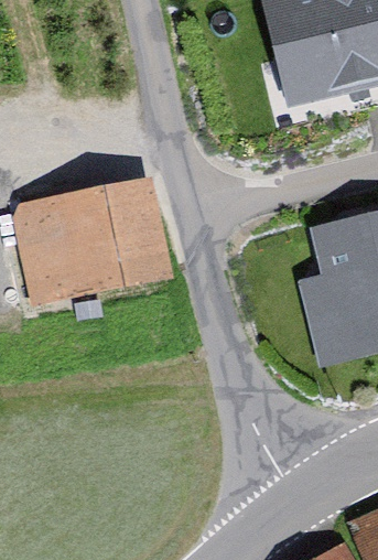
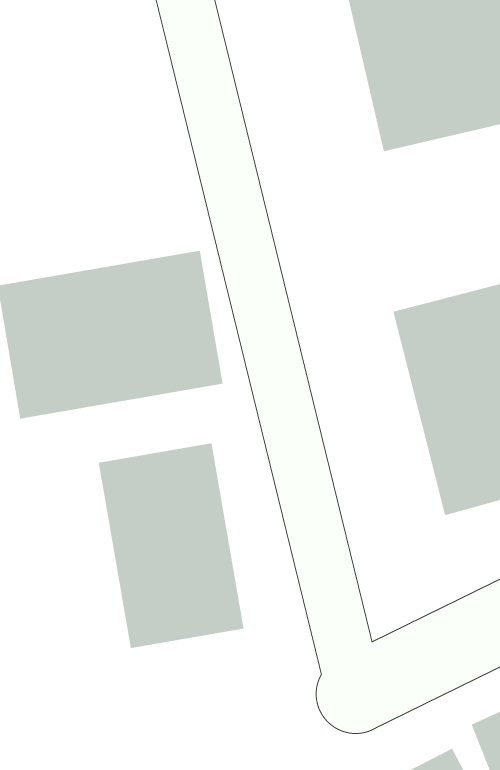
building: none -> [98,442,244,649]

